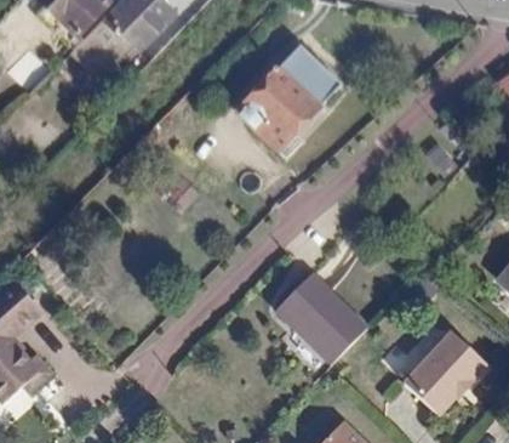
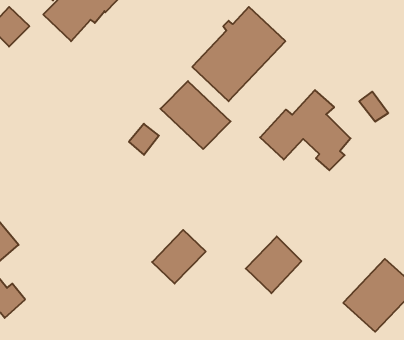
building: none -> [160,81,231,149]
building: none -> [260,90,351,170]
building: [274,278,334,339] -> [152,230,206,284]

